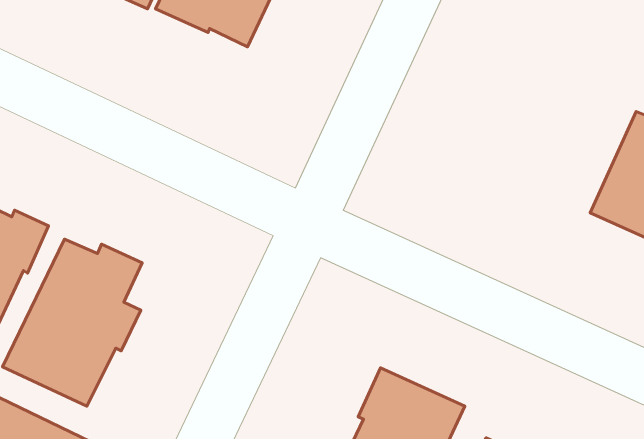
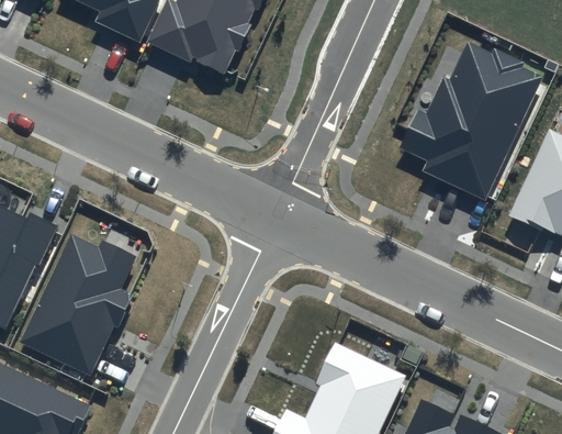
building: none -> [398,41,542,200]

